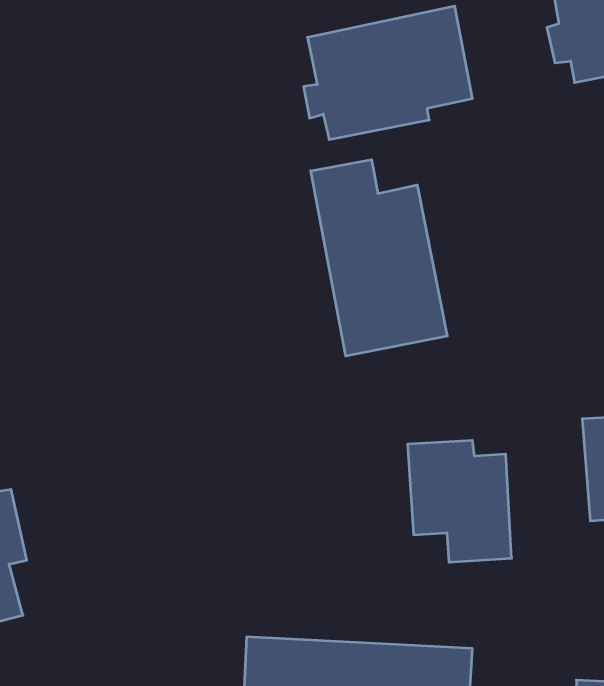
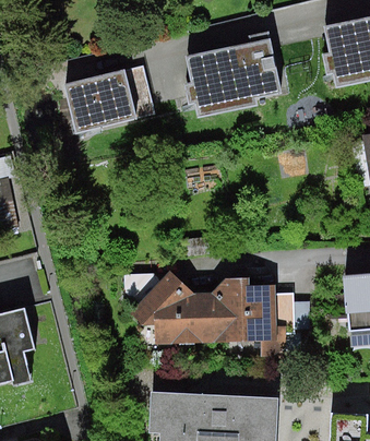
building: none -> [71,70,155,131]
building: [311,160,447,356] -> none
building: none -> [136,278,247,337]

